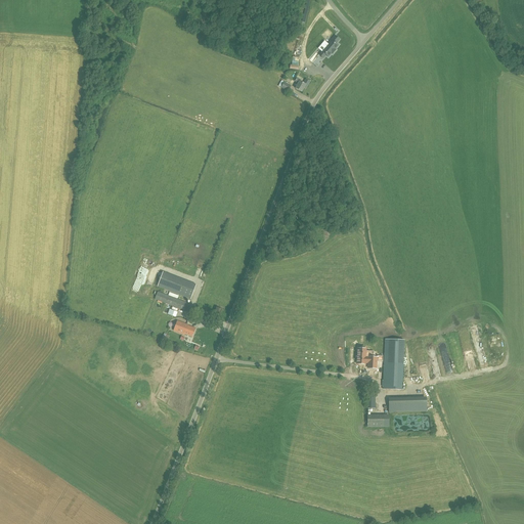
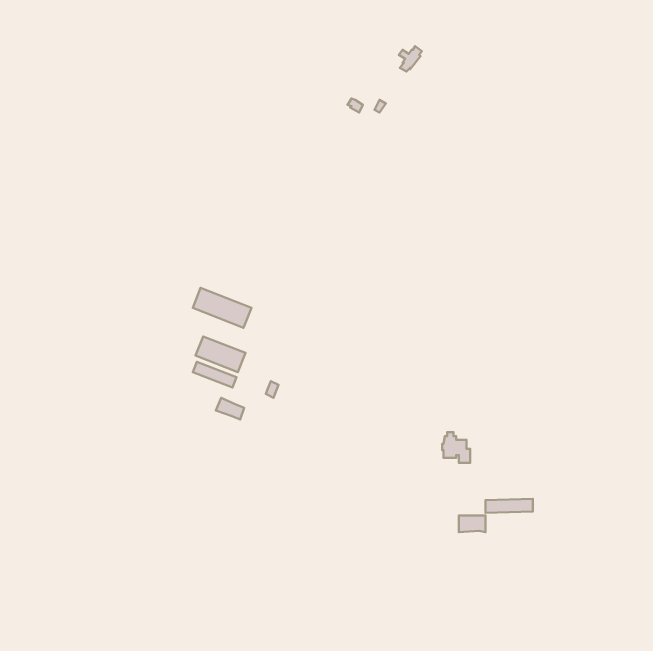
building: none -> [193,288,251,328]
building: [383,338,403,388] -> none

